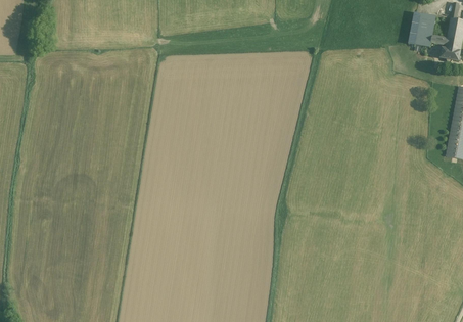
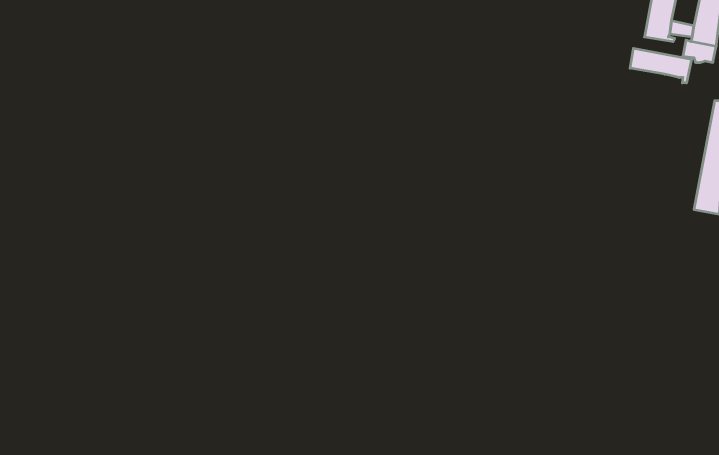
building: none -> [630,48,692,83]

